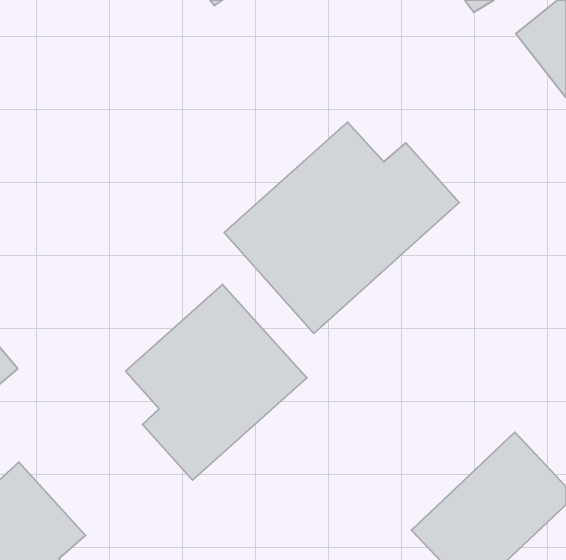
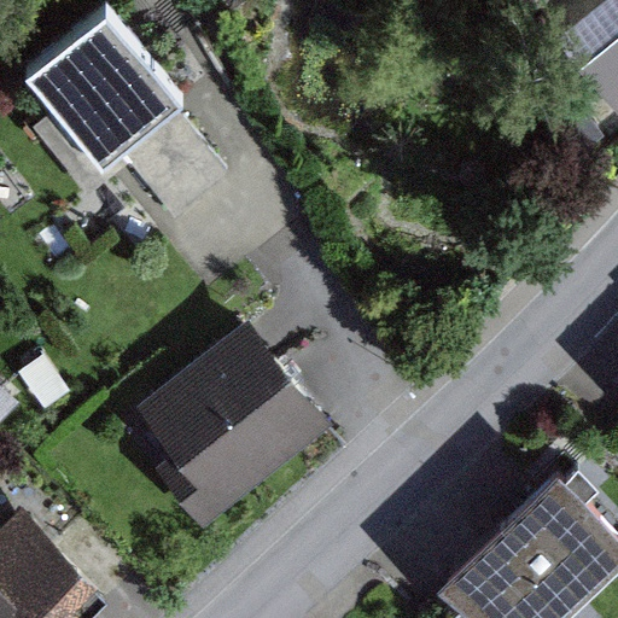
building: none -> [35,13,227,225]
building: [224,122,459,333] -> none

